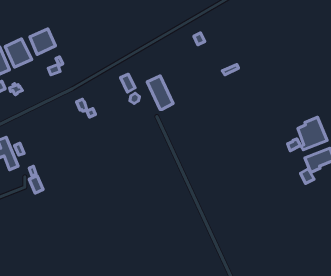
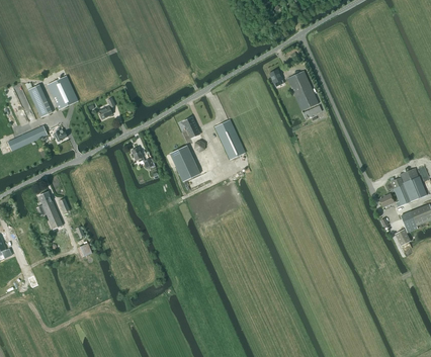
building: [30,29,56,55] -> none
building: none -> [286,71,318,110]
building: none -> [169,146,199,181]

